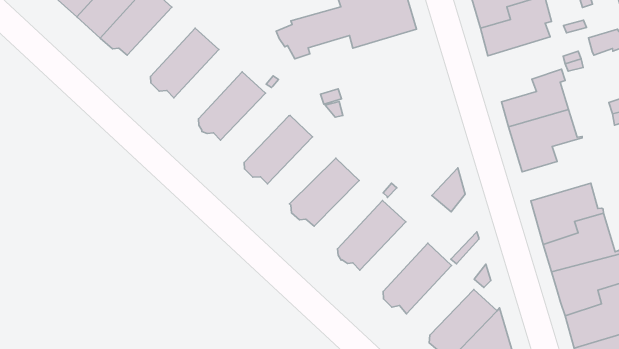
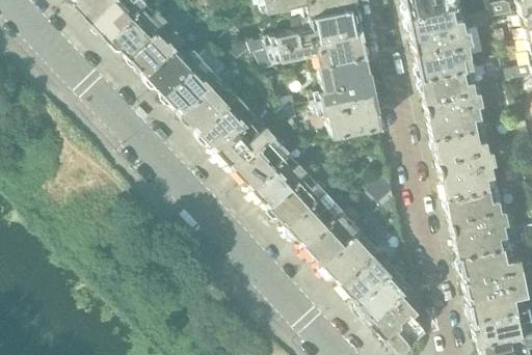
building: none -> [128,19,185,74]
building: none -> [310,52,380,136]
building: none -> [421,66,480,116]
building: none -> [163,56,220,111]
building: none -> [198,88,283,149]
building: none -> [234,133,291,186]
building: none -> [442,151,497,198]
building: none -> [268,171,326,225]
building: none -> [303,208,361,263]
building: none -> [339,246,396,301]

